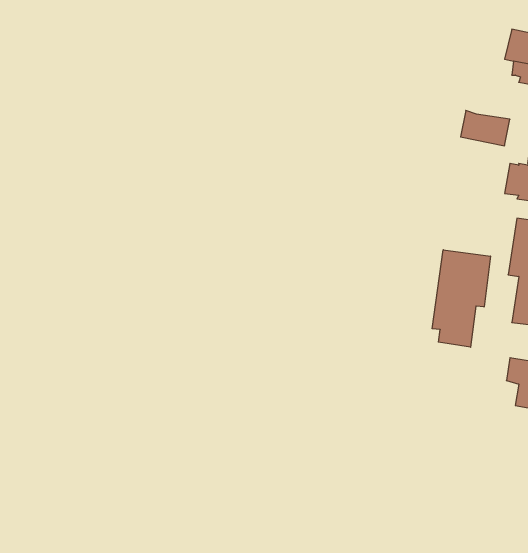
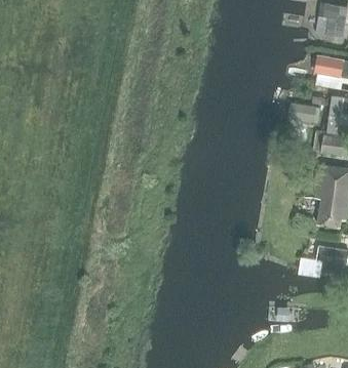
building: [432,250,490,347] -> none

